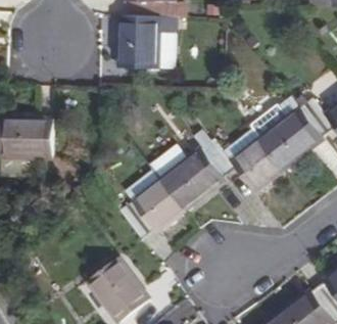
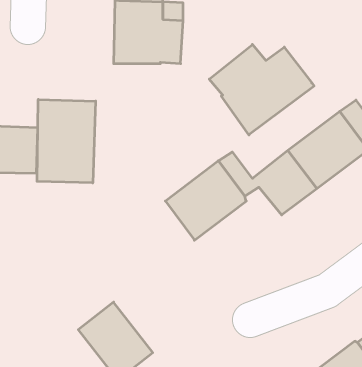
building: none -> [209,44,314,135]
building: none -> [37,99,96,183]
building: [117,178,182,237] -> none

